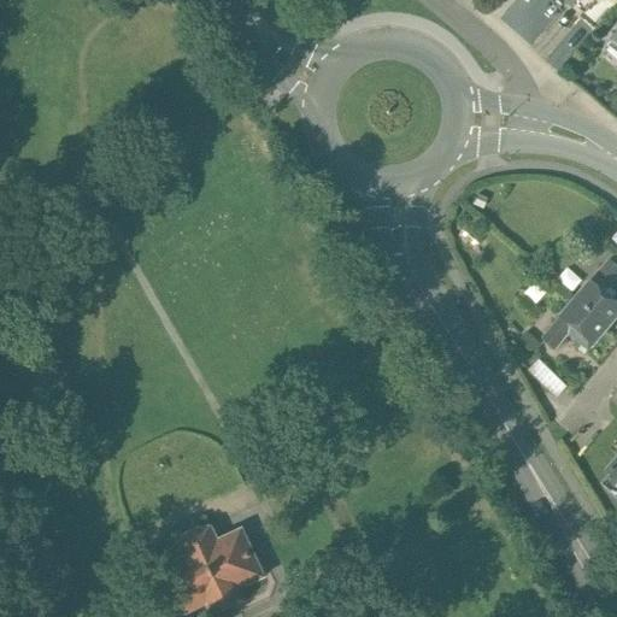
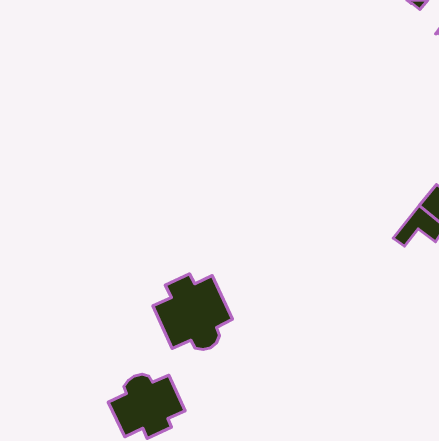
building: none -> [153,274,232,350]

